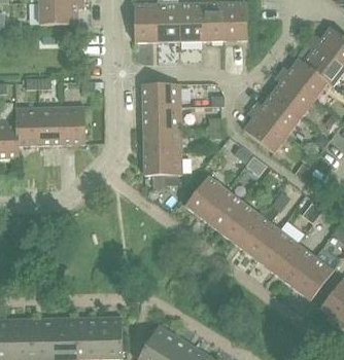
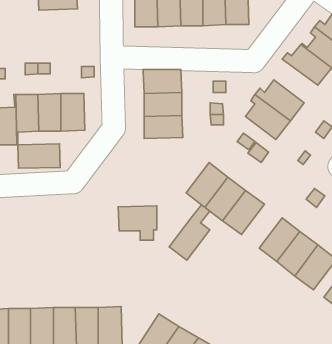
building: [271,74,314,117] -> none
building: [143,151,181,185] -> [118,206,157,240]
building: none -> [18,144,60,168]
building: [239,206,279,260] -> [169,205,210,260]

